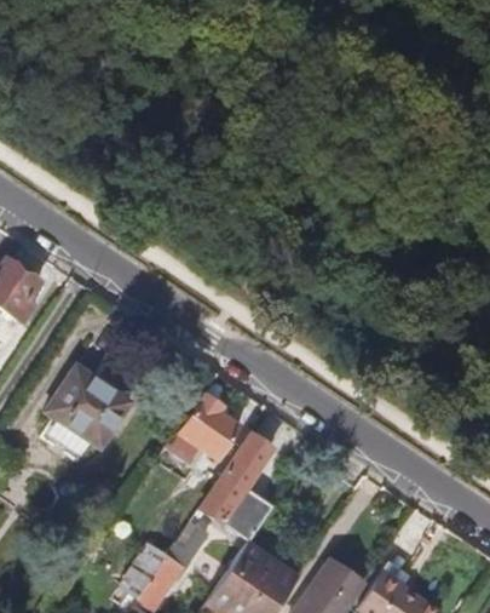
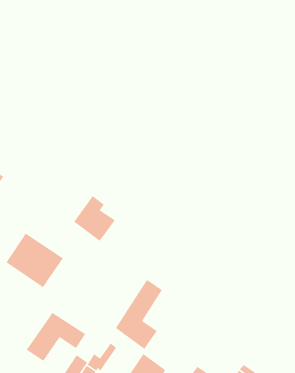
building: [181,391,243,459] -> [73,195,116,242]
building: none -> [26,312,86,362]

